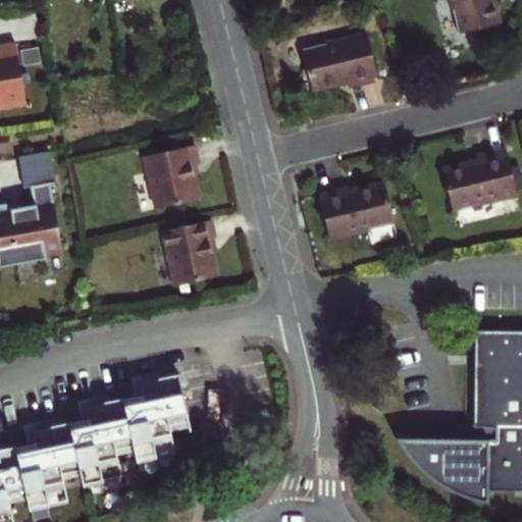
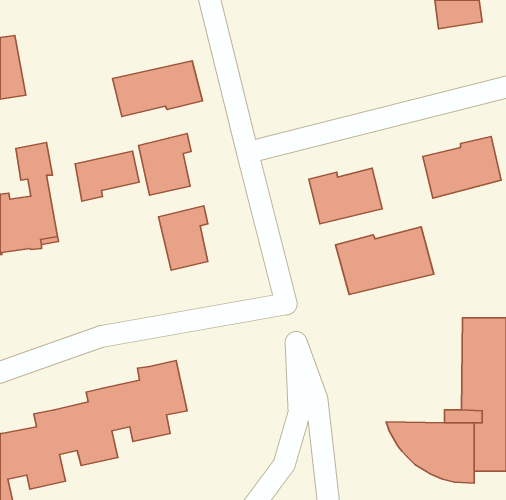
building: [302,33,376,89] -> none
building: none -> [112,61,202,117]
building: none -> [75,151,139,201]
building: none -> [336,227,434,294]

